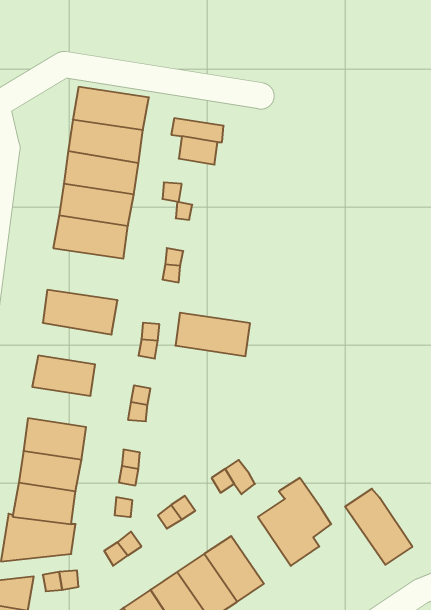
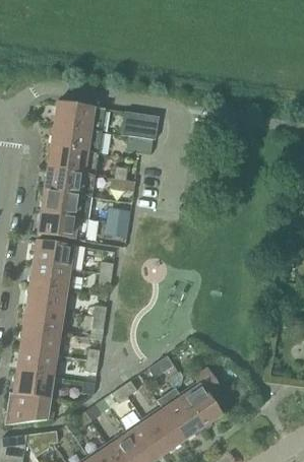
building: [175,313,250,356] -> [38,211,88,241]
building: none -> [31,262,80,290]
building: none -> [23,306,66,333]
building: [345,489,412,565] -> [157,388,202,440]

